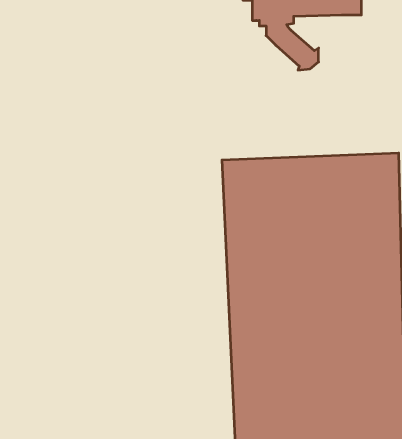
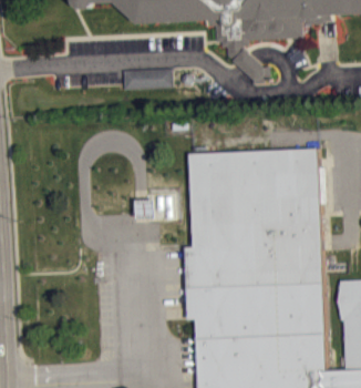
building: none -> [114,68,164,88]

